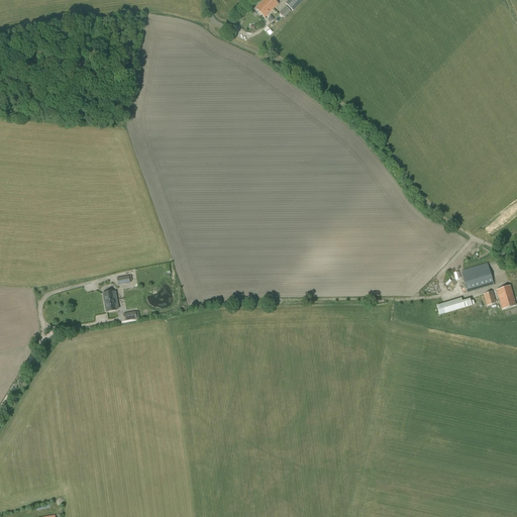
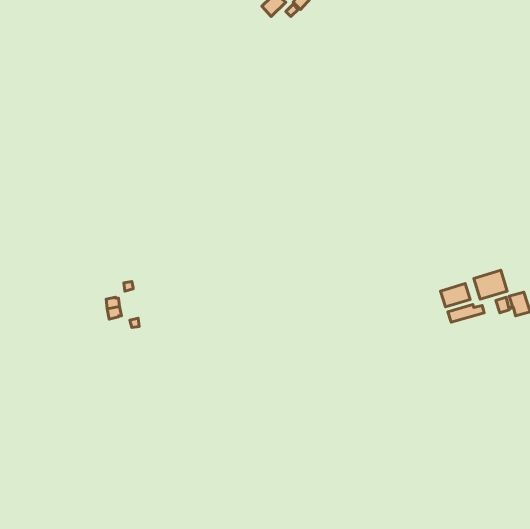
building: none -> [441,284,470,307]

